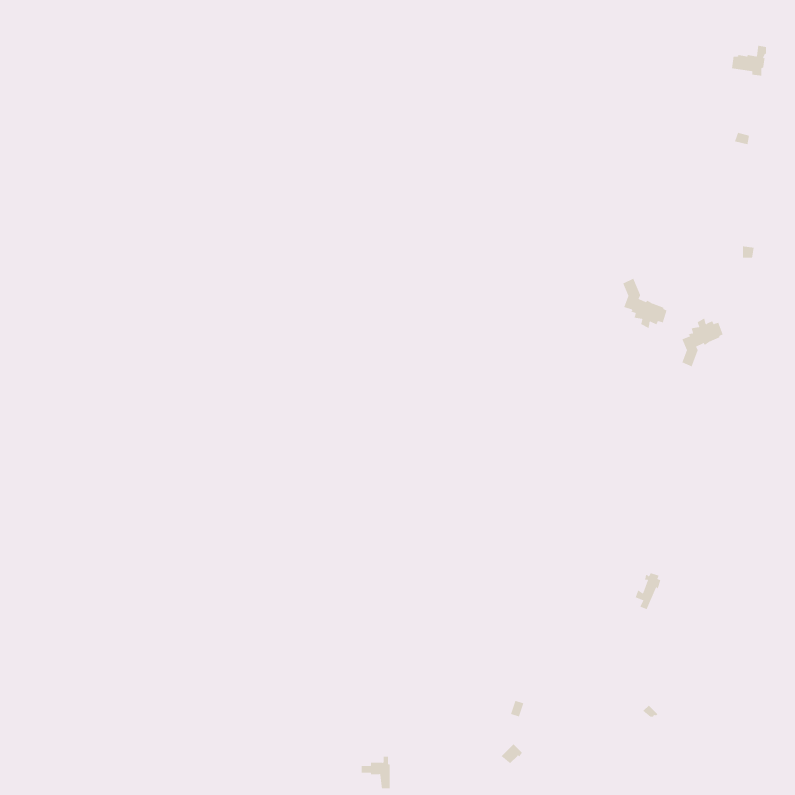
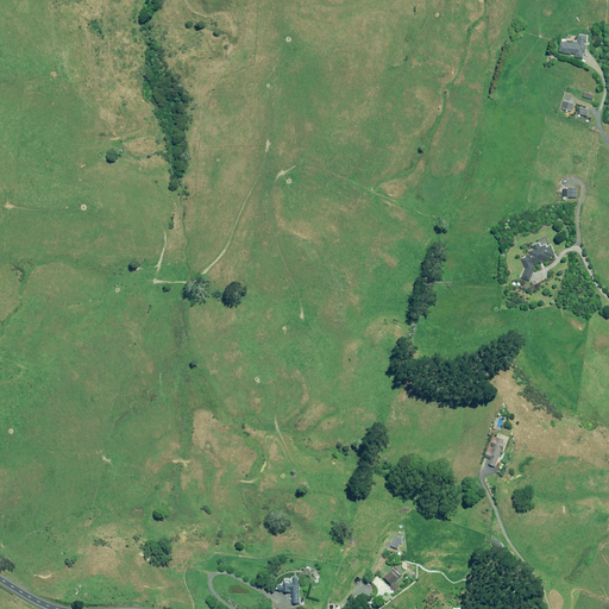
building: [622,278,667,329] -> none

